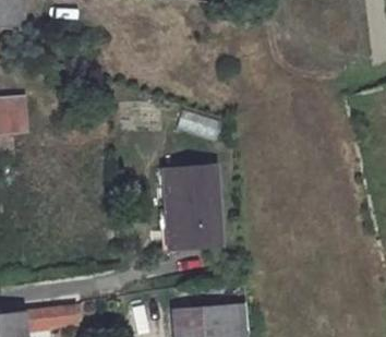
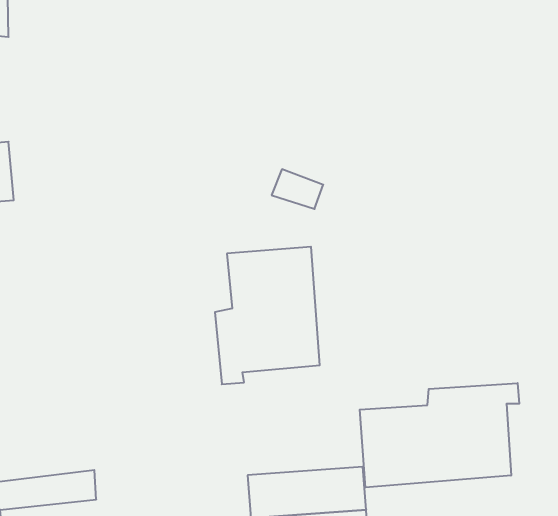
building: none -> [360,383,519,487]

